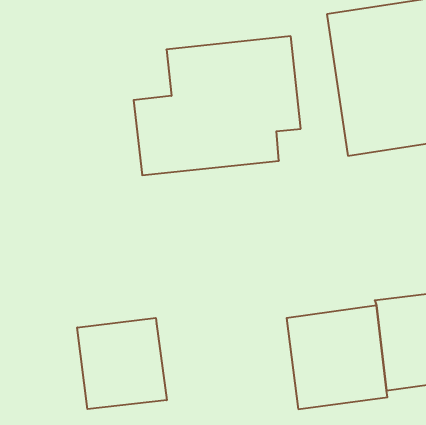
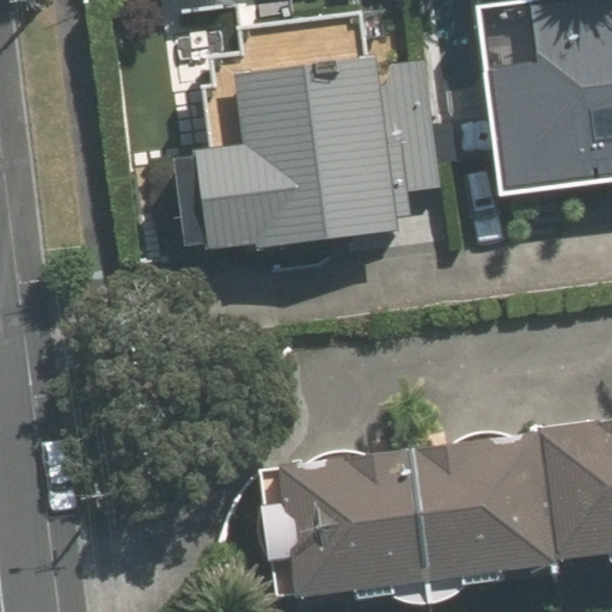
building: [77,318,167,409] -> none
building: none -> [277,452,429,598]

